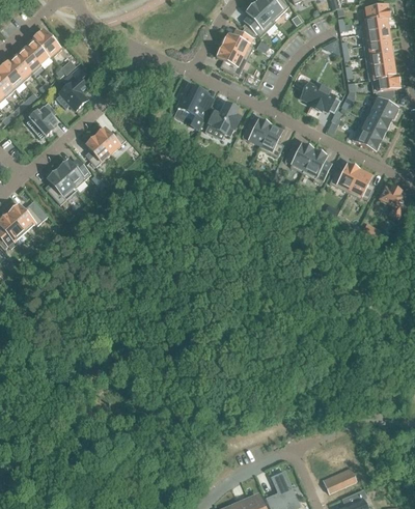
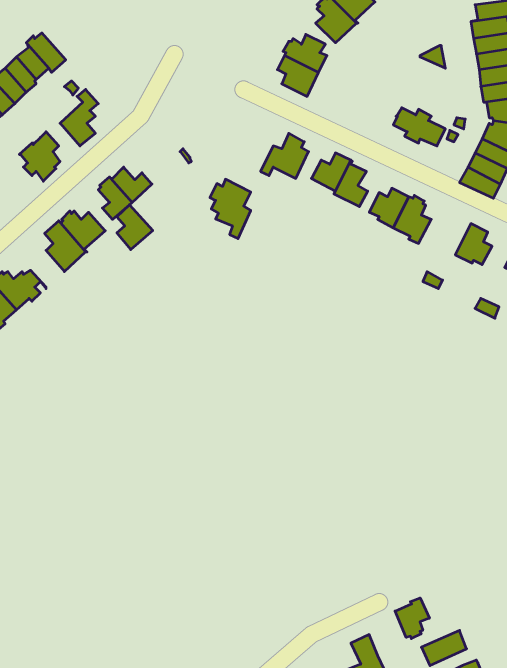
building: [176,85,206,129] -> [210,179,251,239]
building: none -> [117,205,153,250]
building: [329,163,359,192] -> none
building: none -> [395,598,429,639]

